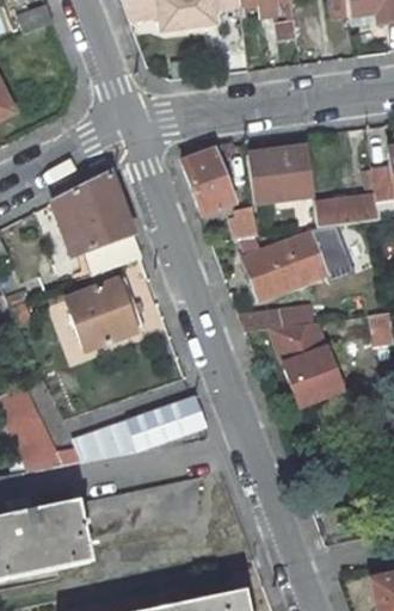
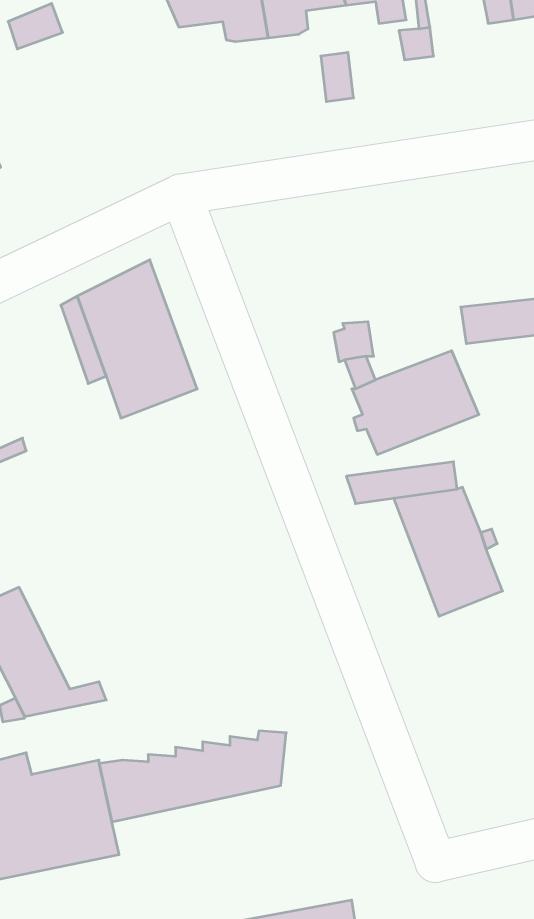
building: [247,146,313,200] -> none
building: [181,148,233,214] -> none
building: [307,223,355,282] -> none
building: [66,278,144,348] -> none
building: [72,396,204,459] -> none

